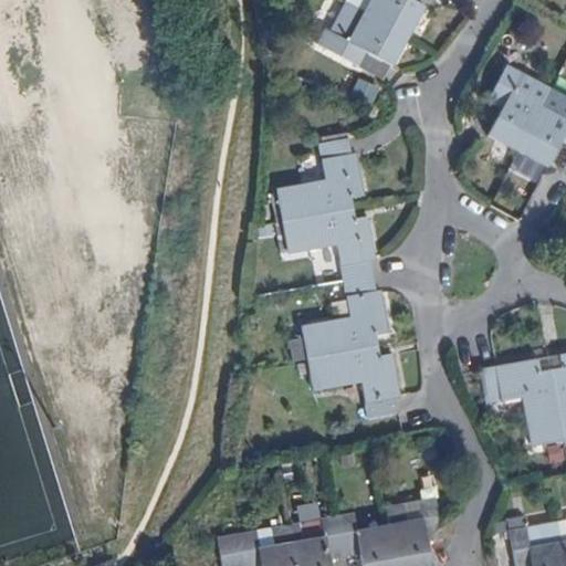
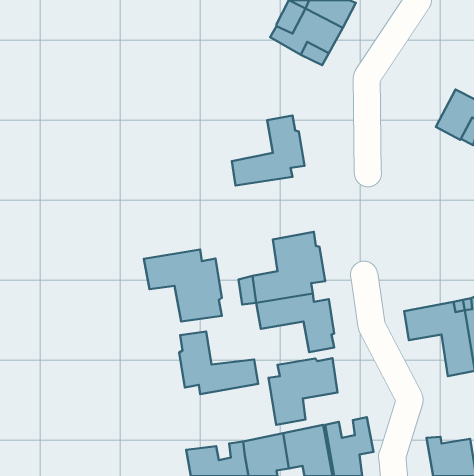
building: [488,65,553,150] -> none
building: [270,210,375,284] -> none
building: none -> [144,250,222,322]
building: none -> [179,331,258,394]
building: none -> [268,358,337,425]

